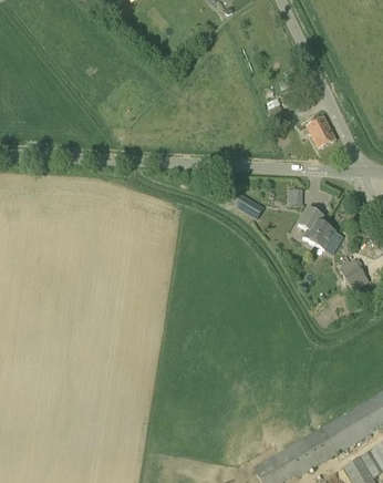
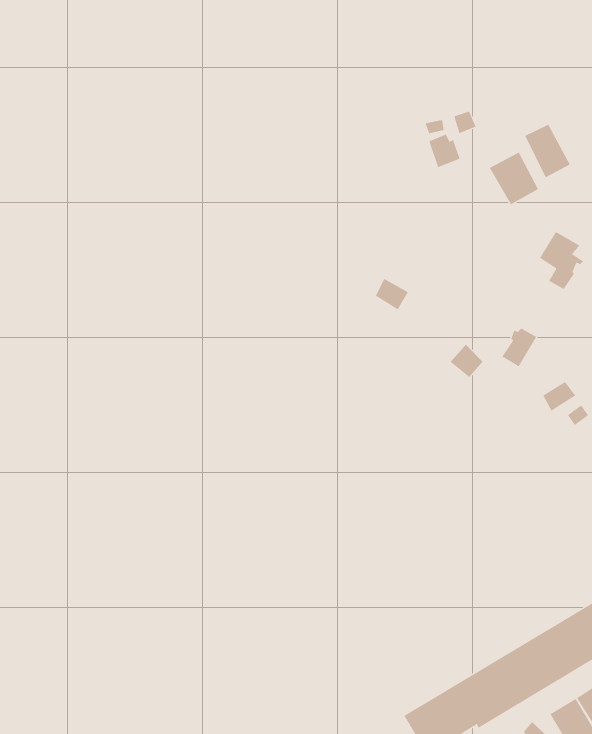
building: none -> [524,124,570,178]
building: [299,206,327,243] -> [539,231,584,290]

